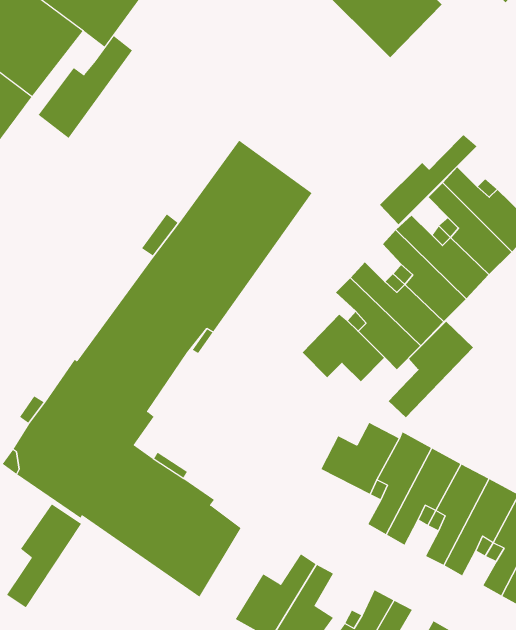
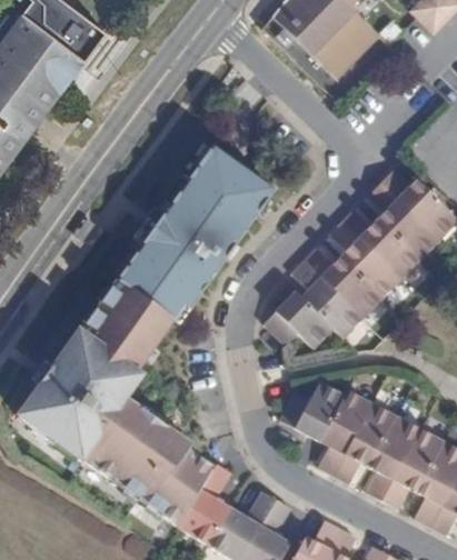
building: [38,35,133,139] -> none
building: [379,134,477,225] -> none
building: [388,321,474,418] -> none
building: [6,504,82,608] -> none
building: none -> [180,463,232,544]

